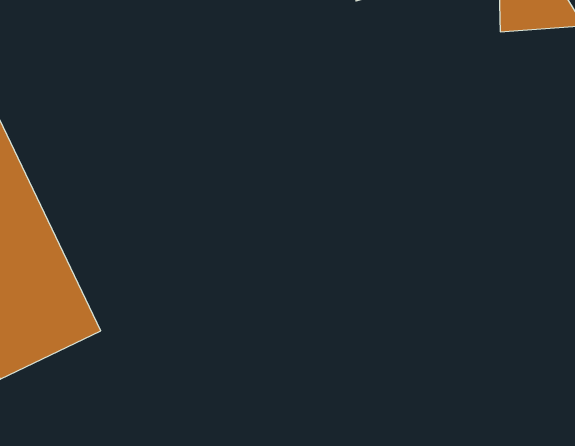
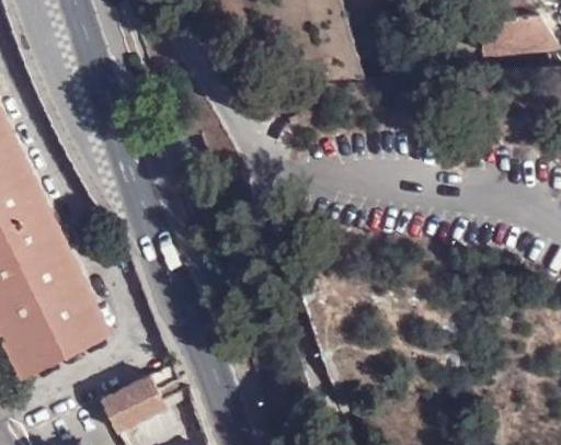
building: none -> [98,376,163,434]

